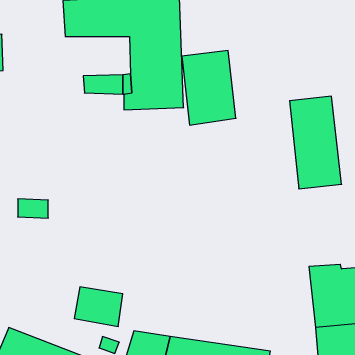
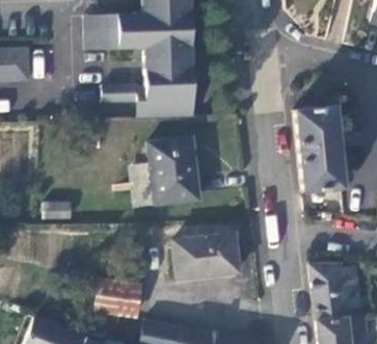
building: [182,51,236,125] -> [145,135,195,204]
building: none -> [174,233,240,279]

